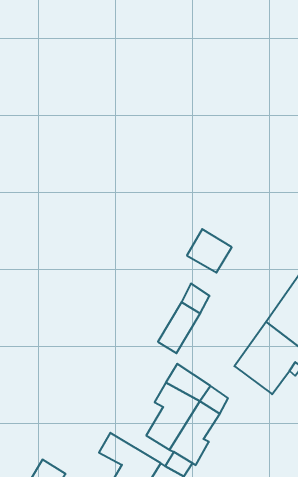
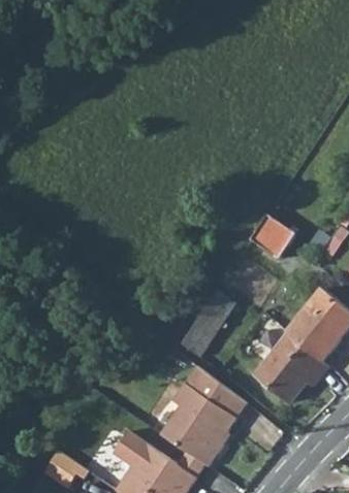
building: [187,229,232,273] -> [249,216,293,259]

